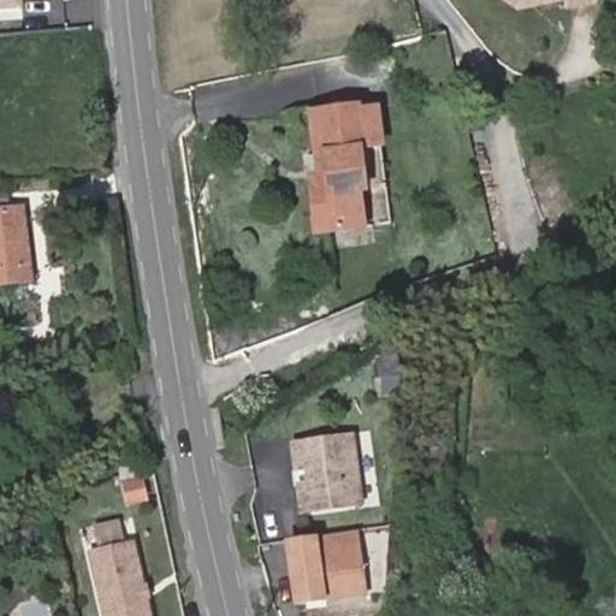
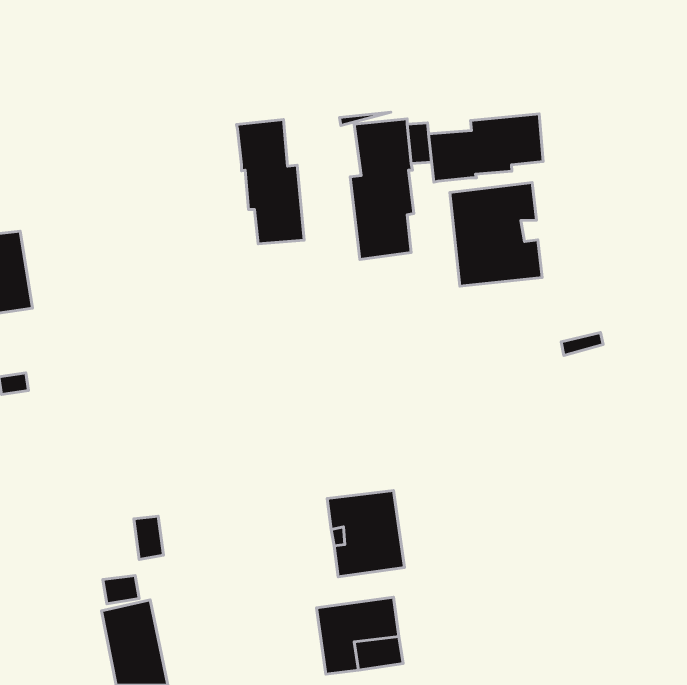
building: none -> [428,114,543,182]
building: none -> [237,119,304,244]
building: none -> [450,182,542,286]

